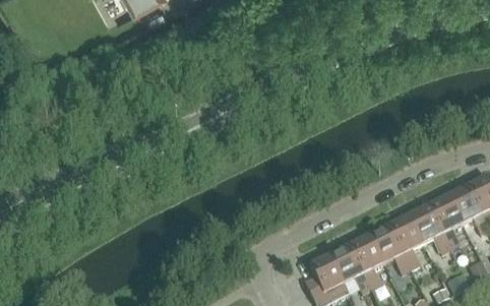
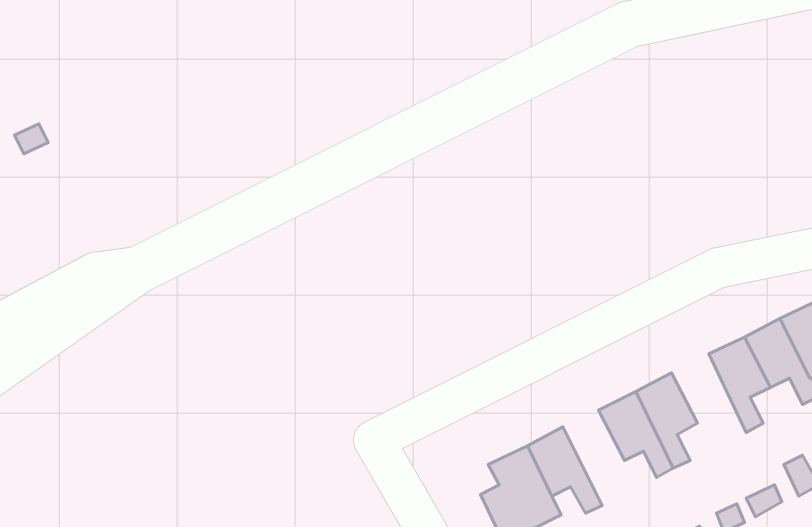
building: [408,205,448,252] -> none
building: [349,236,382,288] -> none

